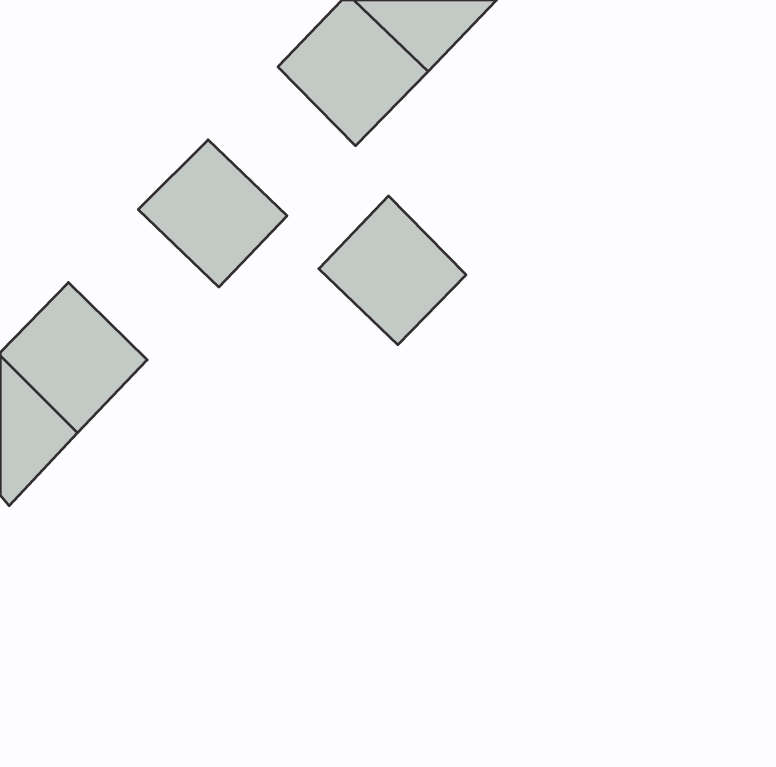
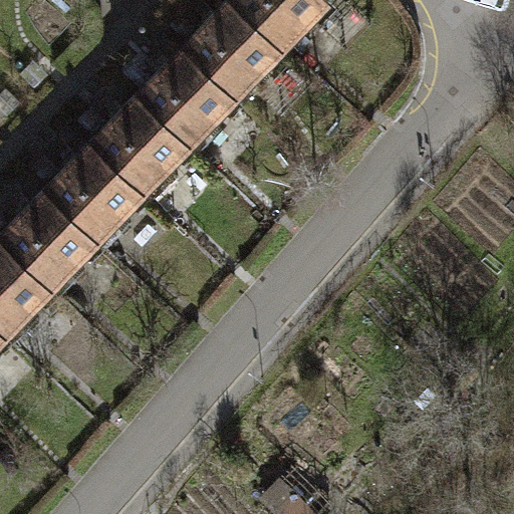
building: [319,196,466,345] -> [138,50,235,149]
building: none -> [45,145,145,244]

